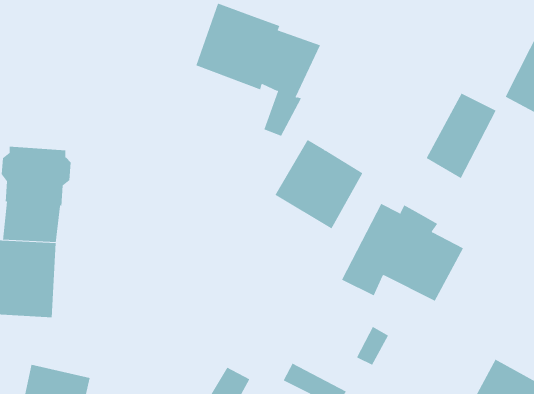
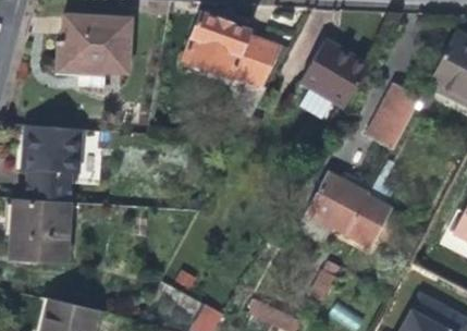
building: none -> [59,15,133,73]
building: [275,139,363,229] -> [300,34,371,106]

